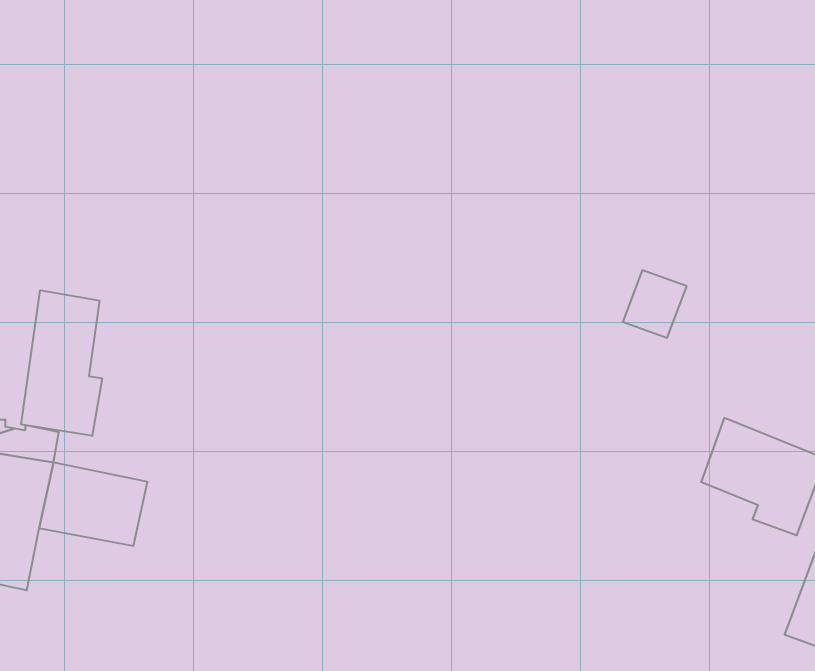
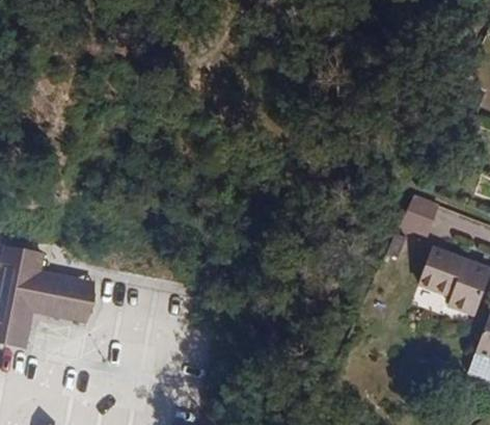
building: [623,270,687,338] -> [402,195,439,235]
building: [21,290,102,436] -> none

